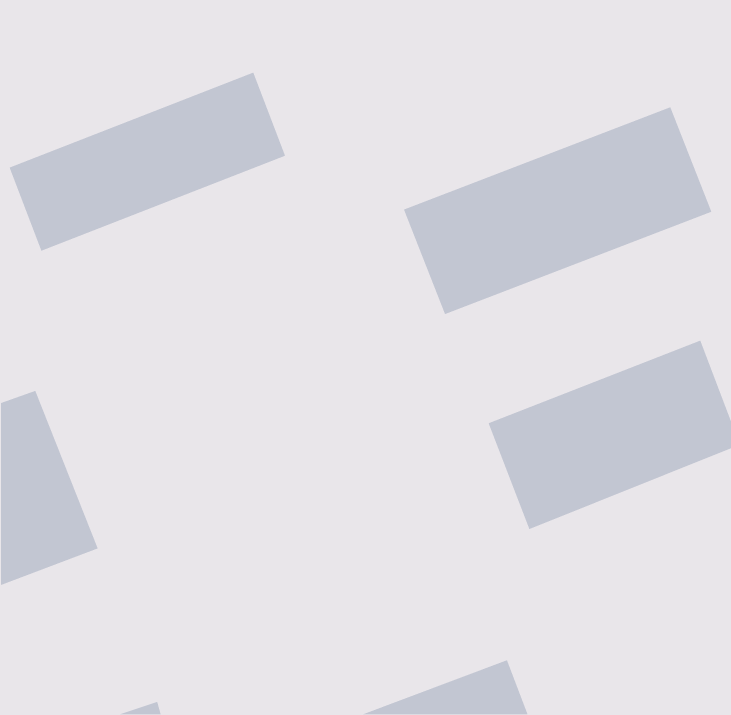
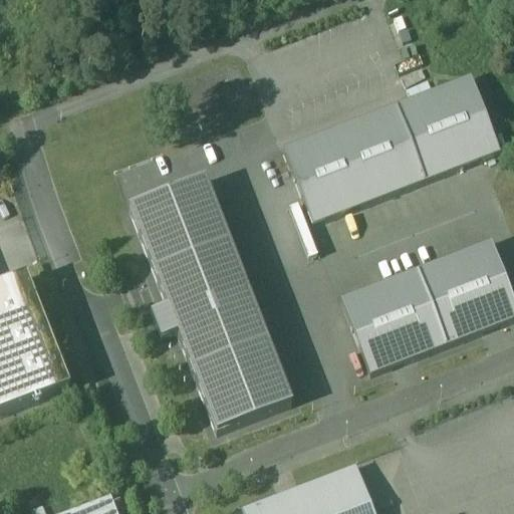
building: [8,72,286,252] -> none
building: none -> [130,177,292,430]

